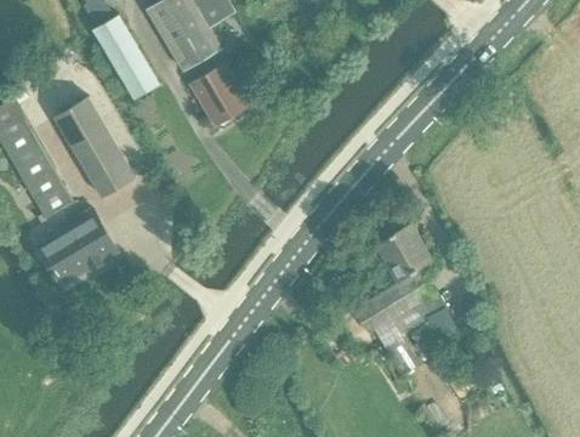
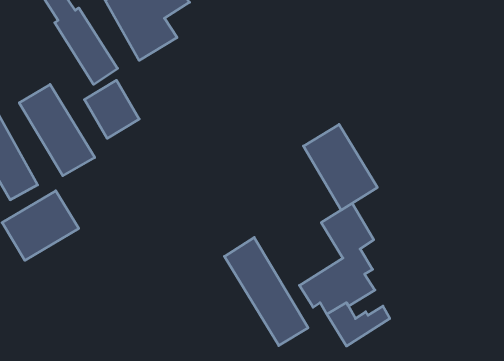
building: [189,63,248,125] -> [84,80,139,138]
building: none -> [303,124,377,210]
building: none -> [224,237,308,346]

